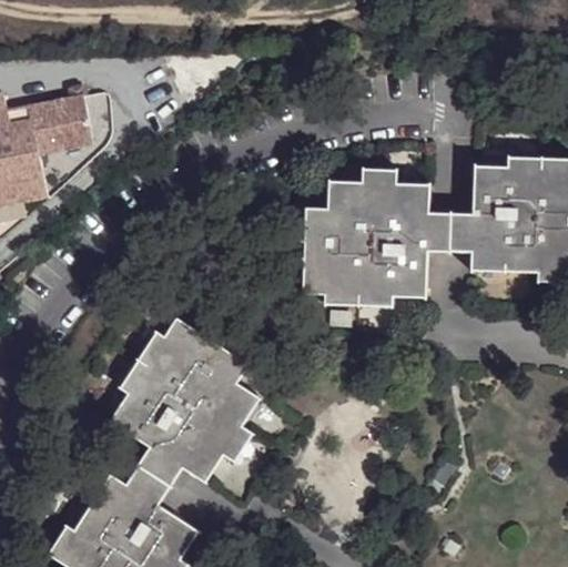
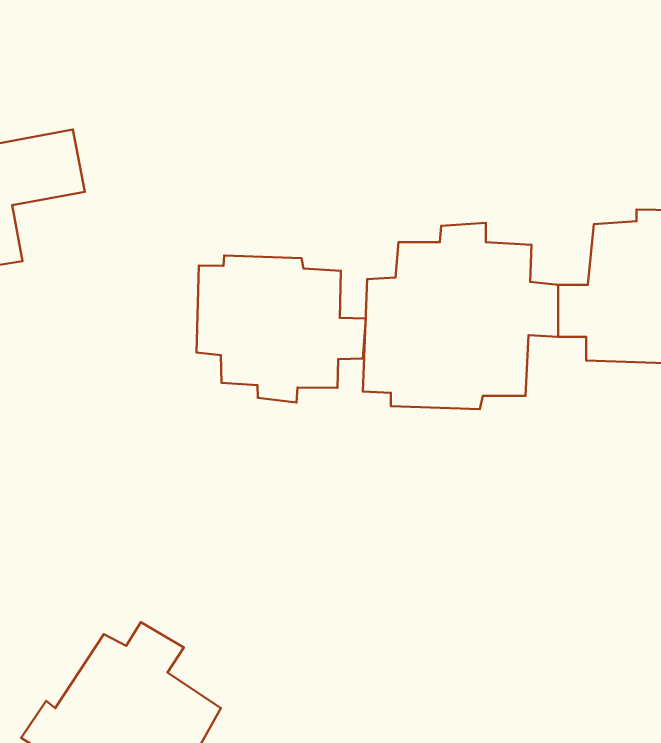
building: none -> [197,256,366,402]
building: [109,316,260,486] -> none

